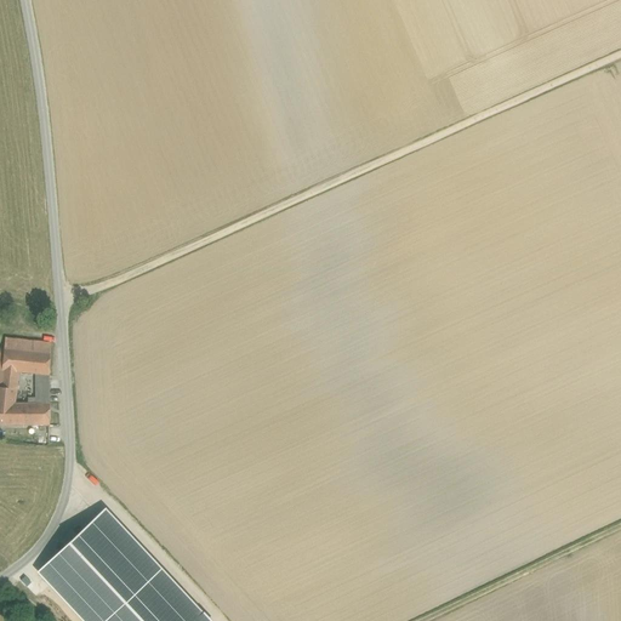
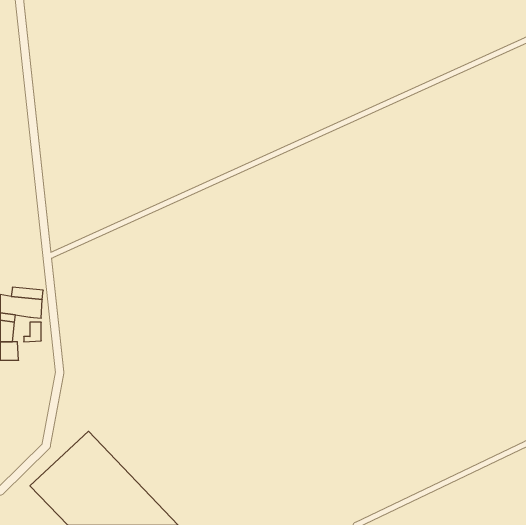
building: [21,401,50,425] -> none

